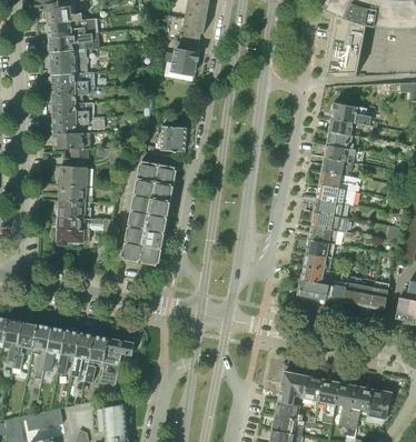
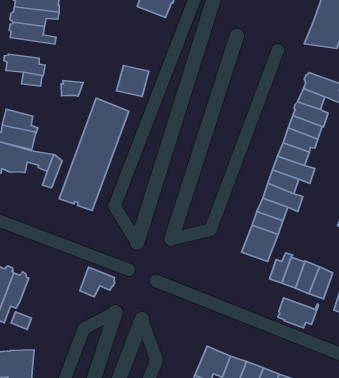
building: [50,117,105,133] -> none
building: [60,164,88,187] -> none
building: [298,279,334,303] -> [278,298,318,328]
building: [103,336,135,363] -> [80,267,115,297]

